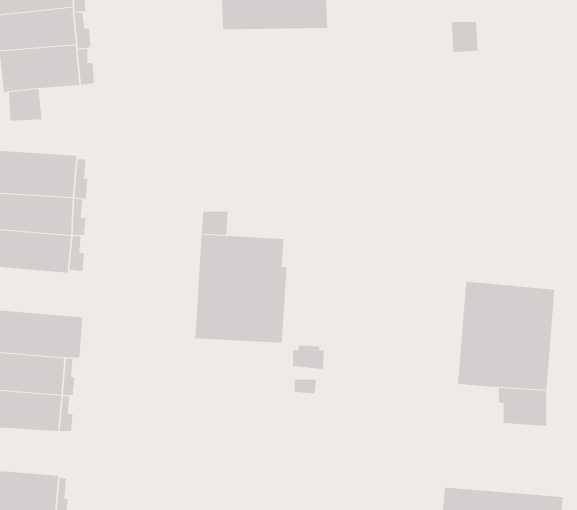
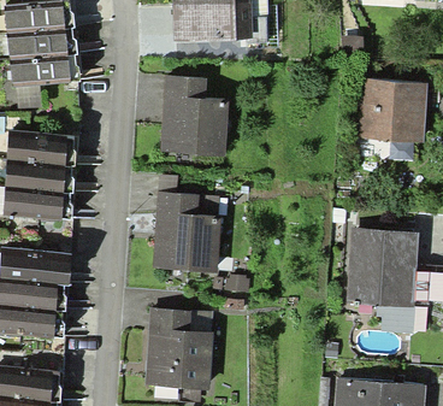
building: none -> [160,76,228,155]
building: none -> [358,77,427,159]
building: none -> [144,307,213,389]

